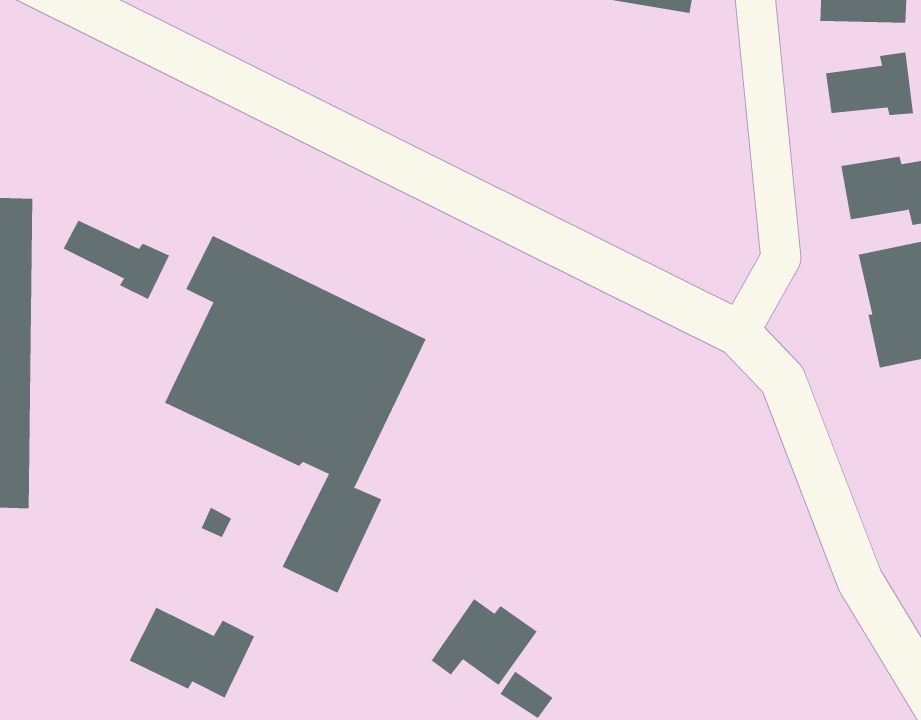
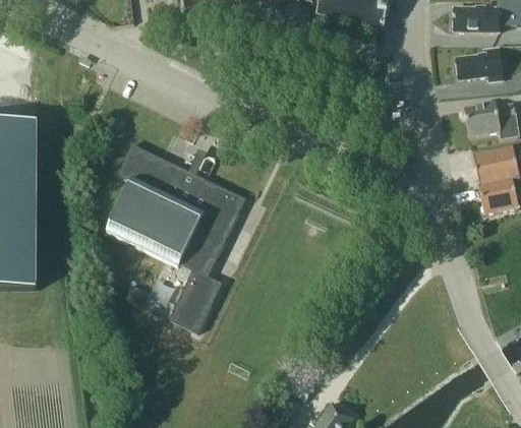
building: [63,220,170,300] -> none
building: [431,598,538,686] -> none
building: [129,607,255,698] -> none

